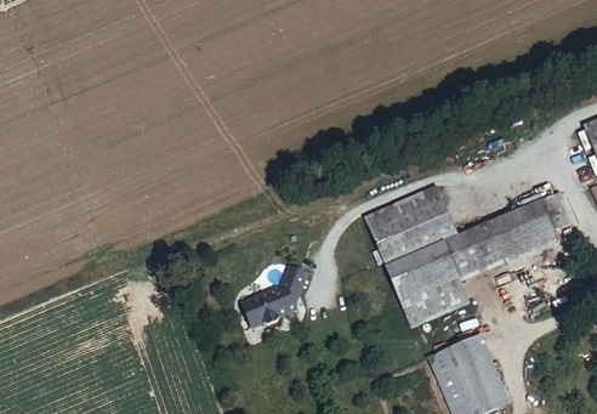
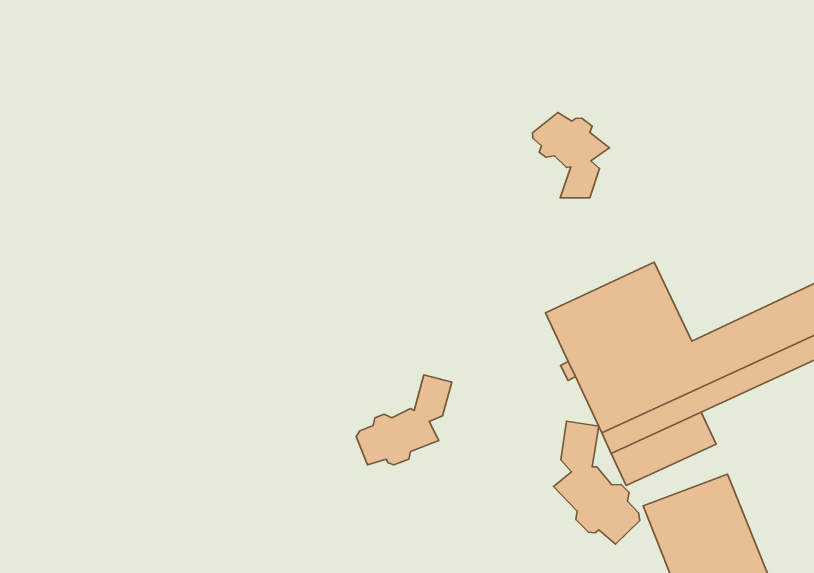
building: none -> [532,113,609,198]
building: none -> [553,421,640,544]

